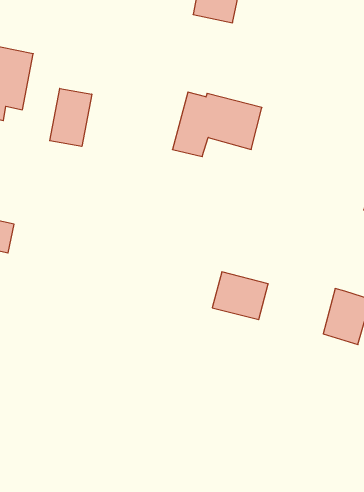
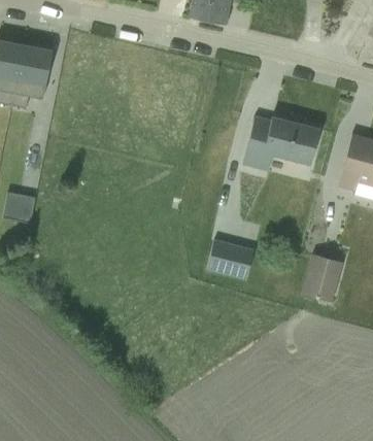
building: [50,88,92,146] -> none
building: [172,92,262,157] -> [243,114,320,170]

